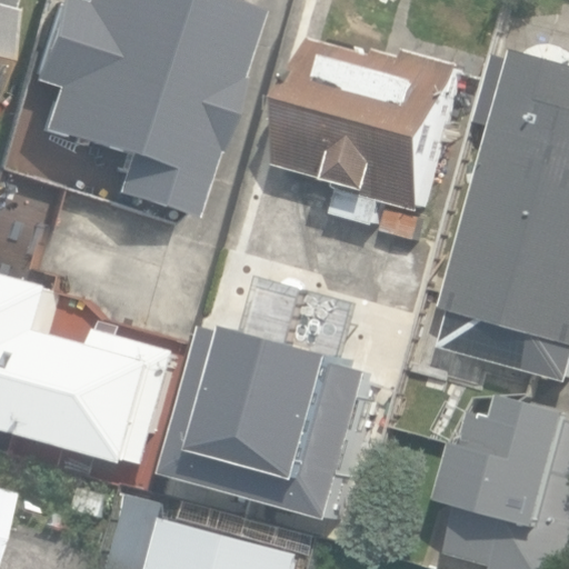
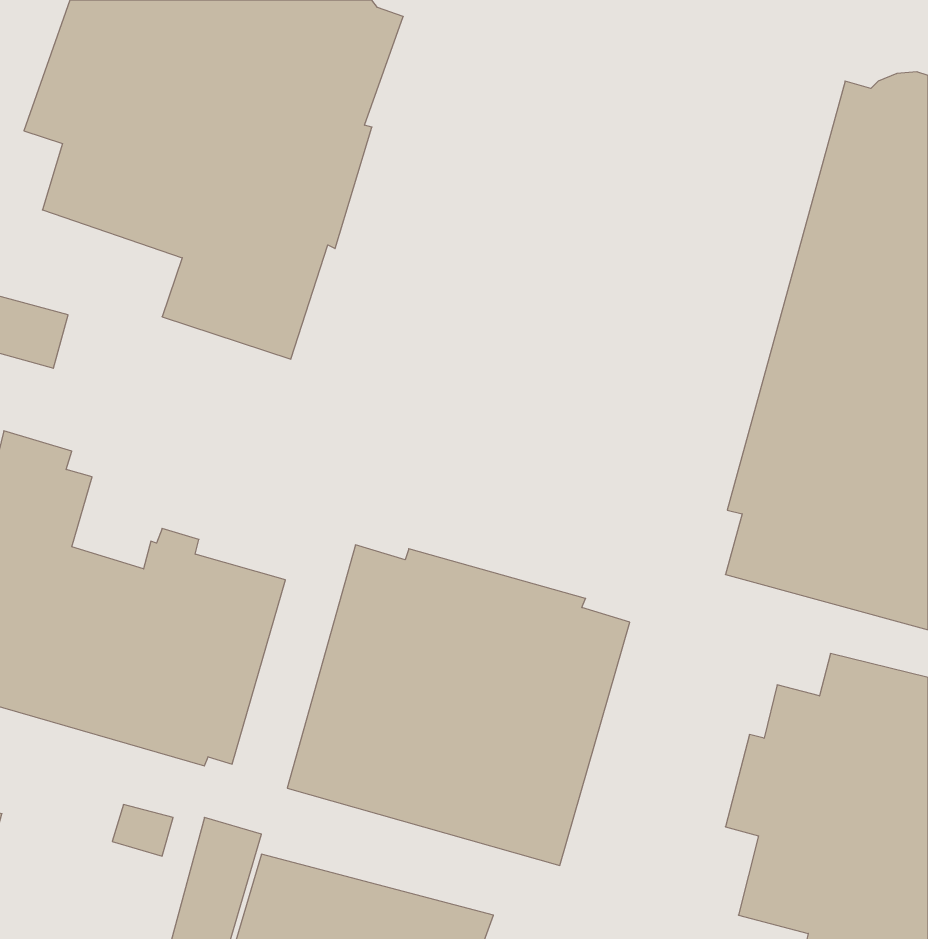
building: [271,37,466,227] -> none

